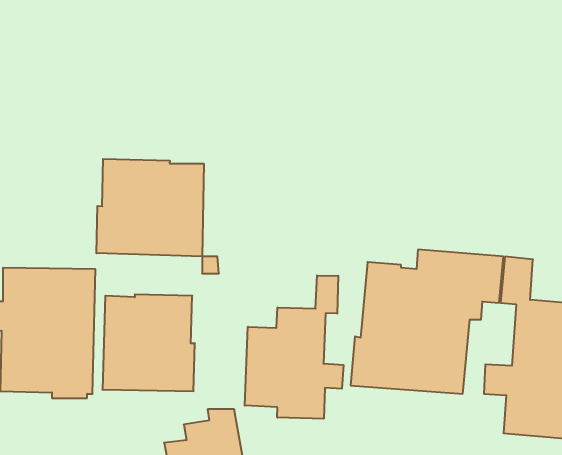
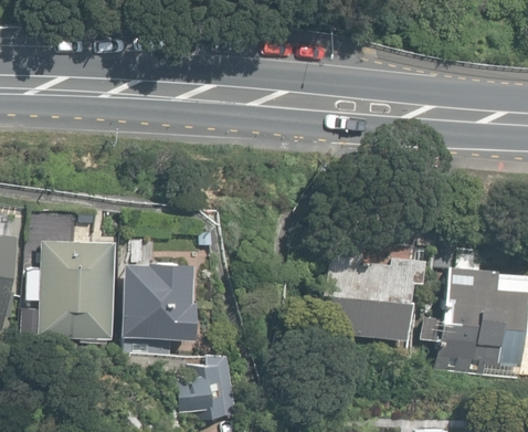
building: [96,159,204,257] -> none
building: [245,275,343,419] -> none

